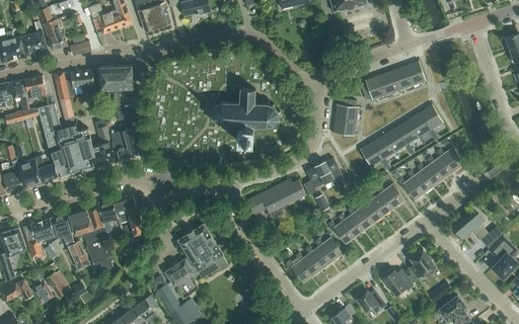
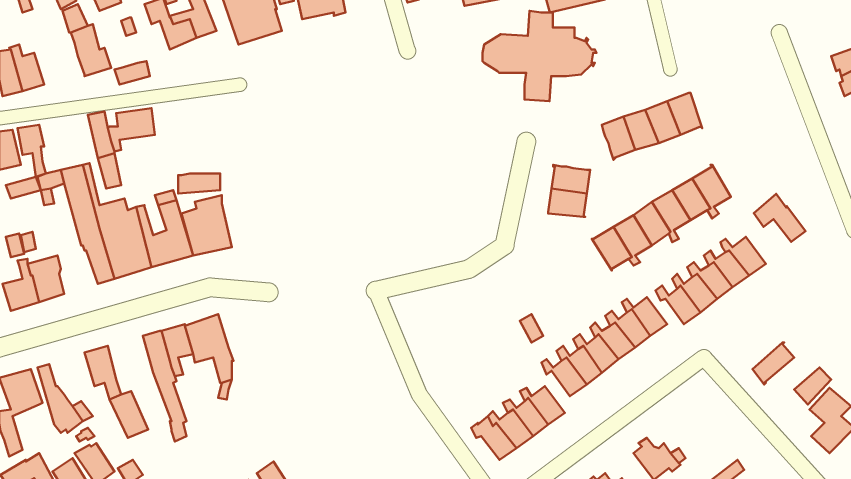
building: [21,22,48,56] -> none
building: [99,66,133,89] -> none
building: [24,76,47,102] -> none
building: [212,88,281,143] -> [483,11,596,101]
building: none -> [754,194,805,242]
building: [35,156,60,182] -> none
building: [307,158,342,188] -> none
building: [245,179,306,216] -> none
building: [68,208,104,267] -> none
building: [30,219,56,243] -> none
building: [164,224,226,287] -> none
building: [410,250,436,278] -> none

